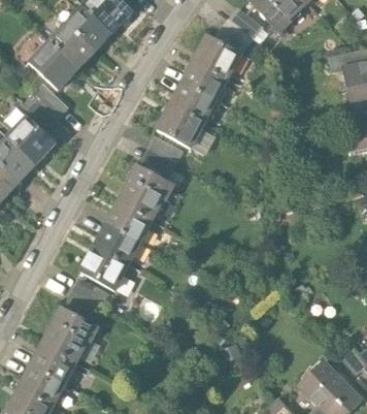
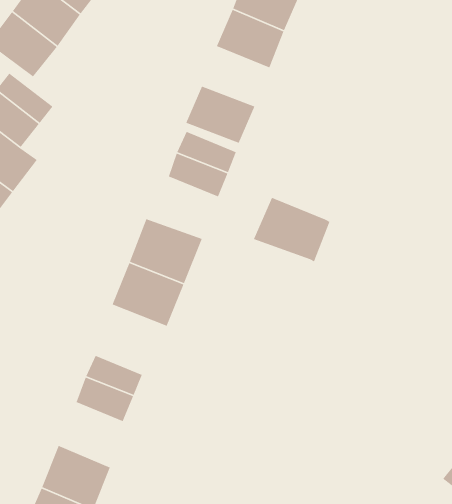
building: [168,82,214,124] -> none
building: [122,163,174,210] -> [253,197,330,262]
building: [78,245,128,290] -> none
building: [47,307,97,352] -> none

